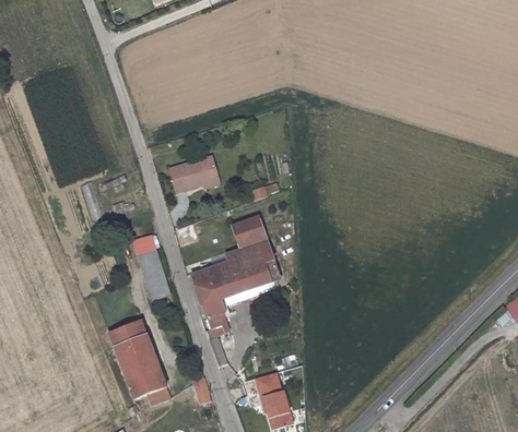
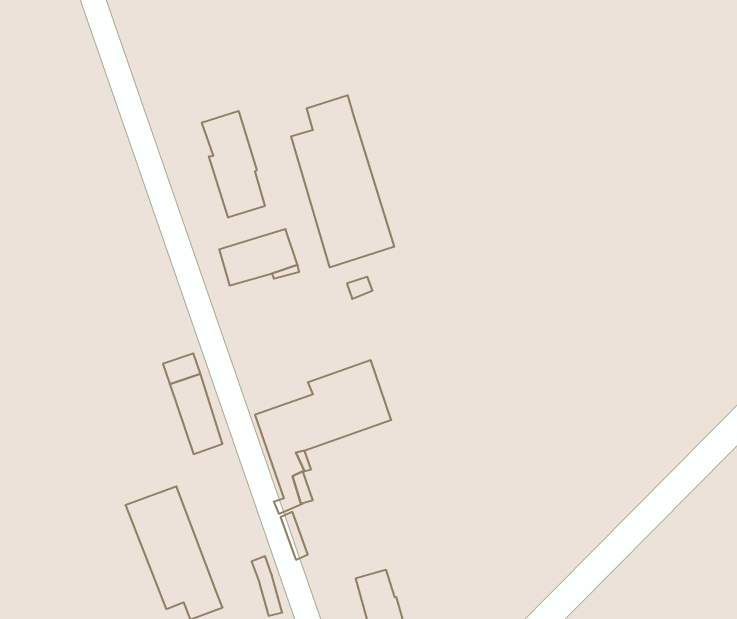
building: none -> [291,95,394,267]
building: none -> [202,111,265,218]
building: [232,216,264,247] -> none

